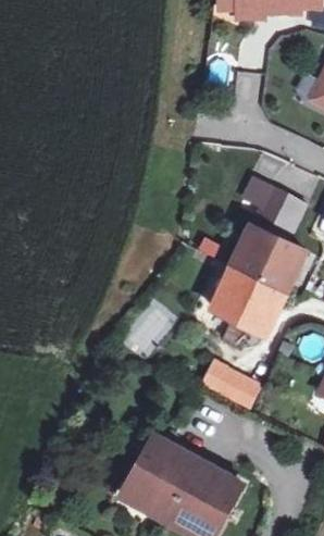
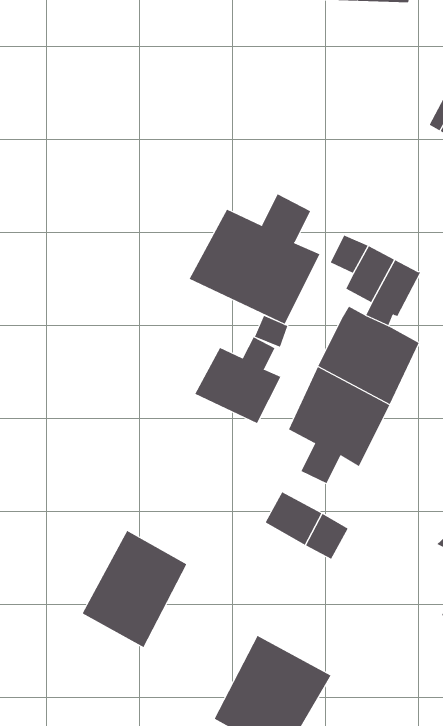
building: none -> [189,193,320,325]
building: none -> [194,336,281,424]
building: [119,434,192,516] -> [82,530,187,648]

